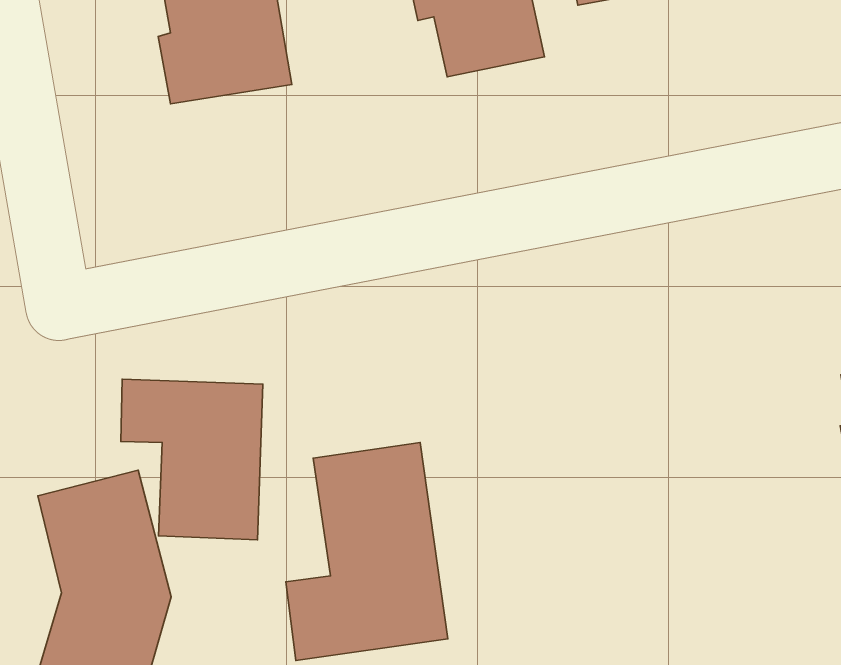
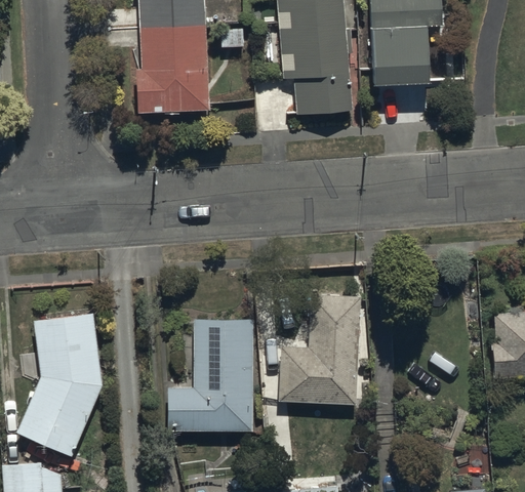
building: none -> [279,292,360,404]
building: [121,379,263,540] -> none

